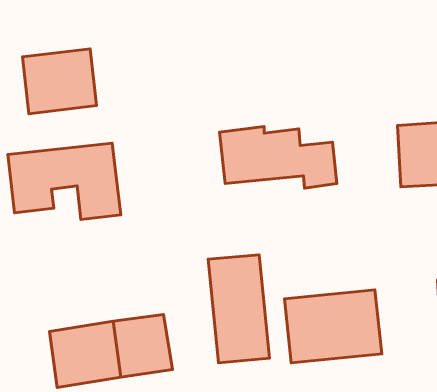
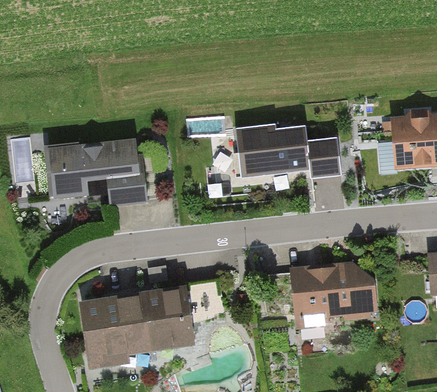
building: [23,49,96,114] -> none
building: [208,255,269,363] -> none

